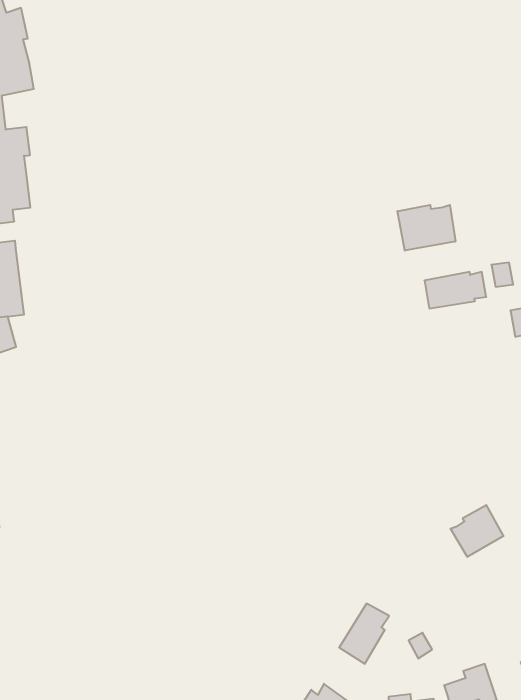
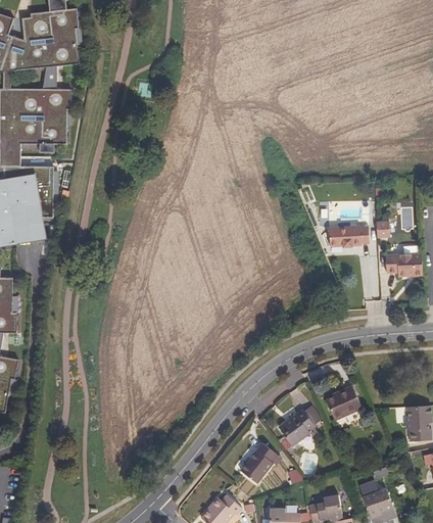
building: [397,205,455,251] -> none
building: none -> [277,409,314,445]

